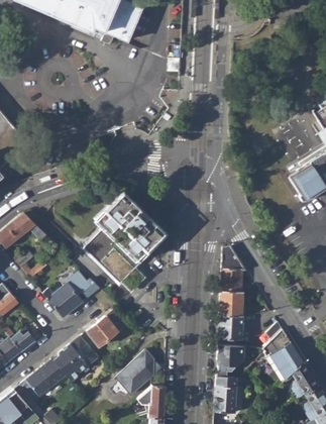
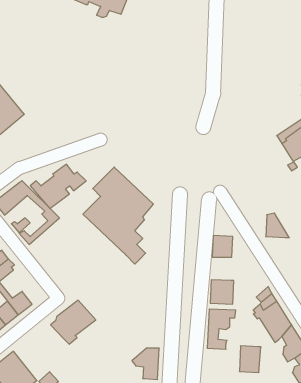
building: [221,245,245,271] -> [266,213,289,238]
building: [42,272,100,317] -> [30,164,86,208]
building: [219,292,242,316] -> none
building: [87,310,125,346] -> none
building: [116,349,154,393] -> none
building: [21,359,67,401] -> none
building: [214,386,236,413] -> [239,346,261,372]

